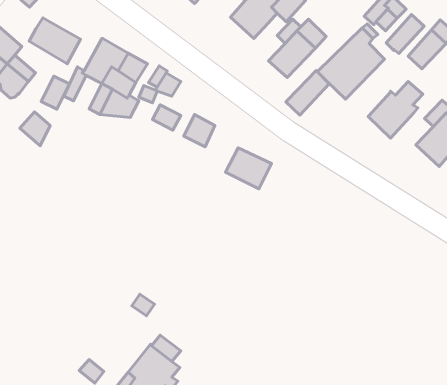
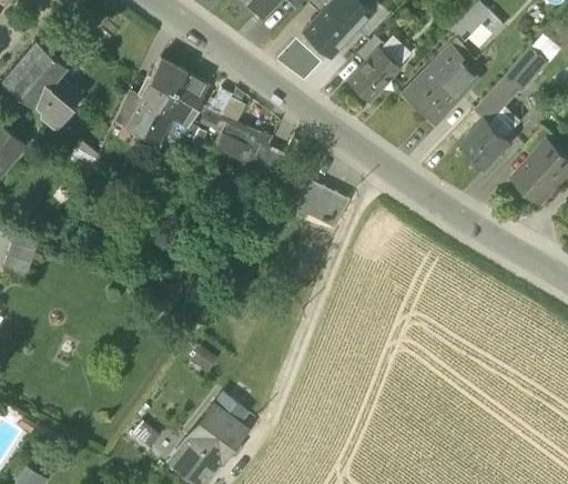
building: [386,14,424,53] -> [476,77,519,121]
building: [29,18,80,64] -> none
building: [286,70,329,115] -> none
building: [41,76,69,109] -> [124,99,156,137]

